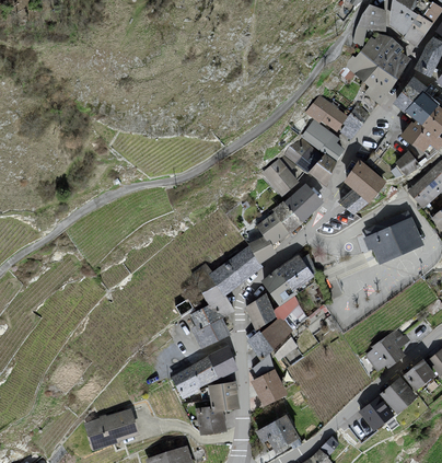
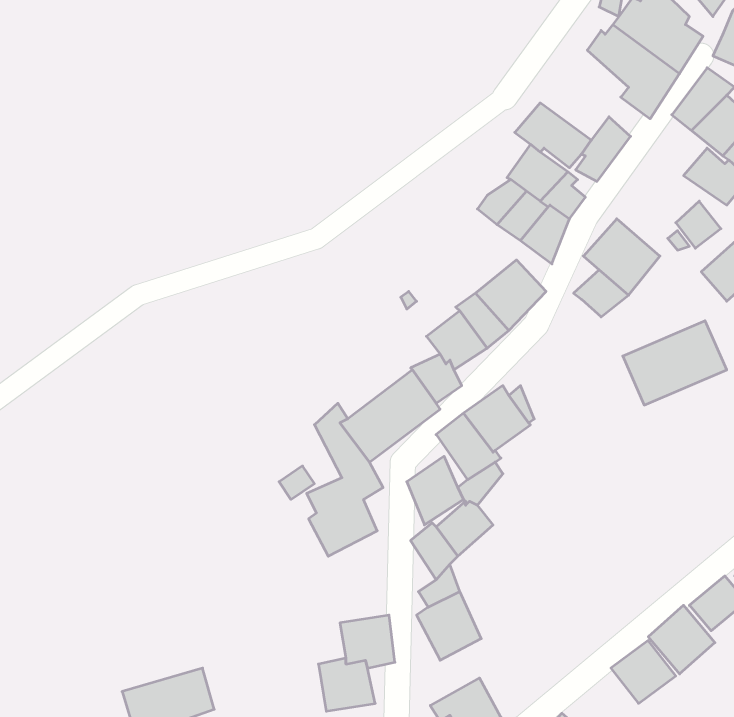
building: [263,158,299,197] -> none
building: [364,328,410,370] -> none
building: [171,345,237,398] -> none

